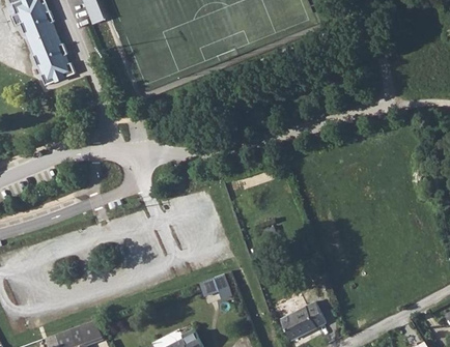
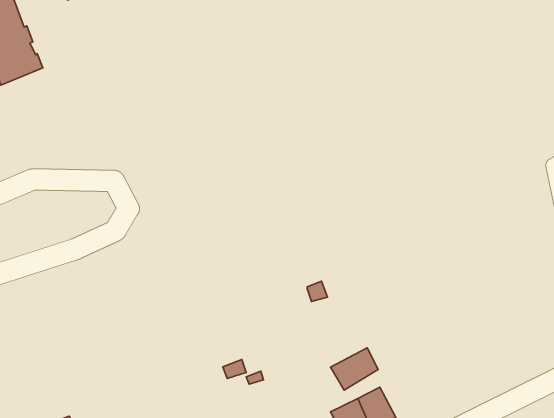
building: none -> [330,348,378,390]

